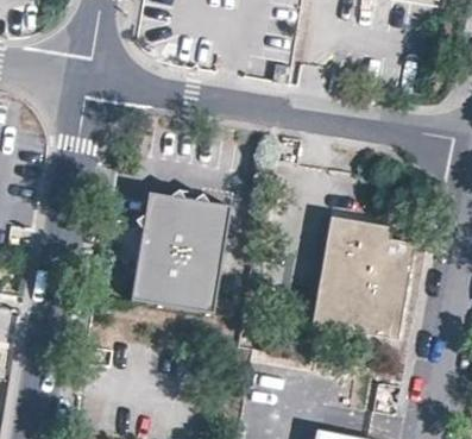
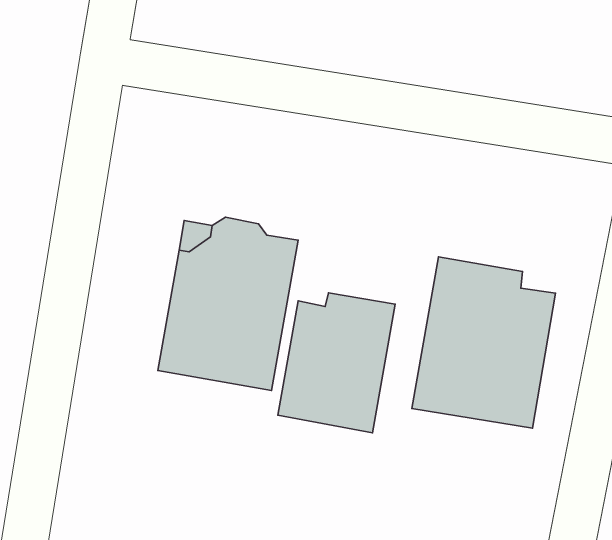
building: none -> [278,293,395,433]

